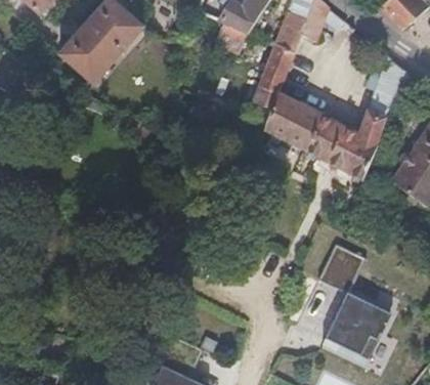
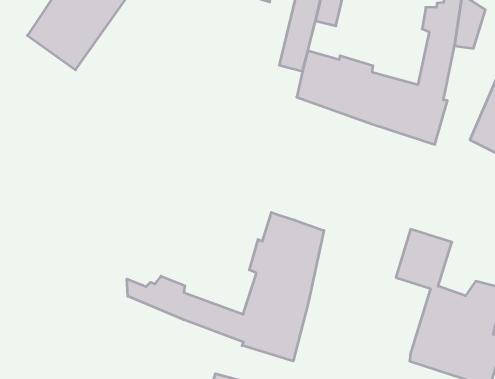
building: none -> [127,212,324,361]

